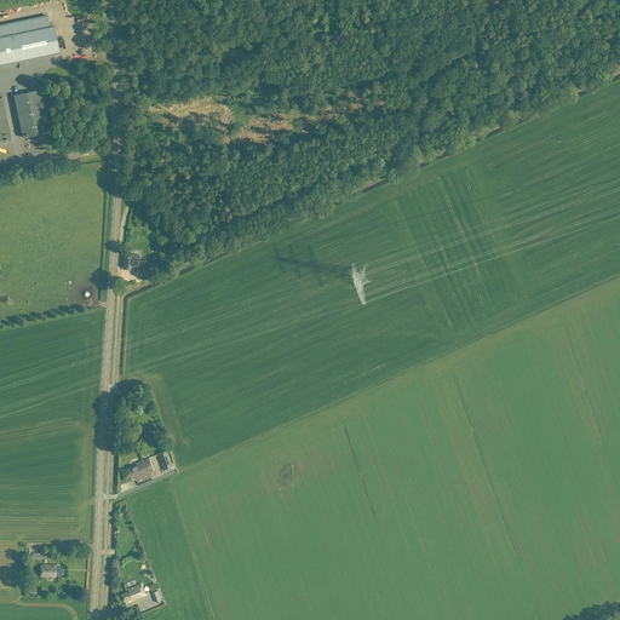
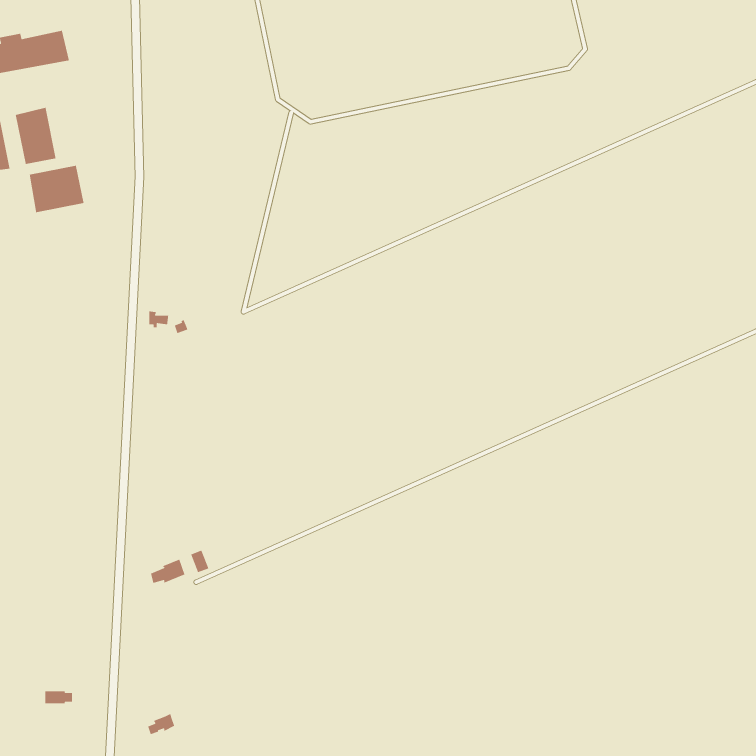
building: none -> [29,165,84,213]

